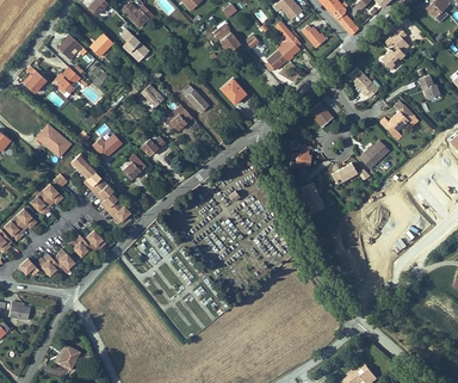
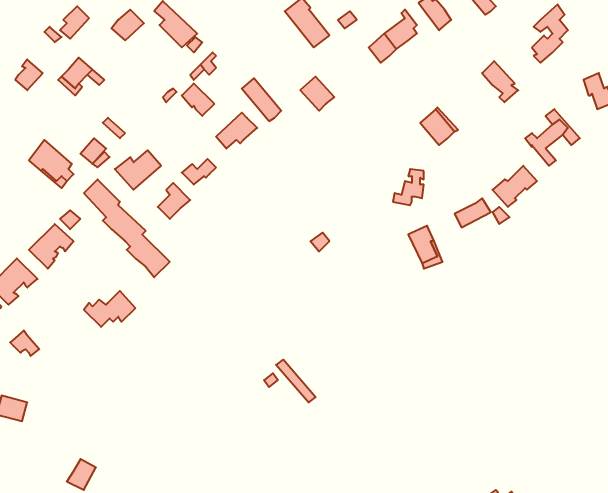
building: [39,248,76,276] -> none

